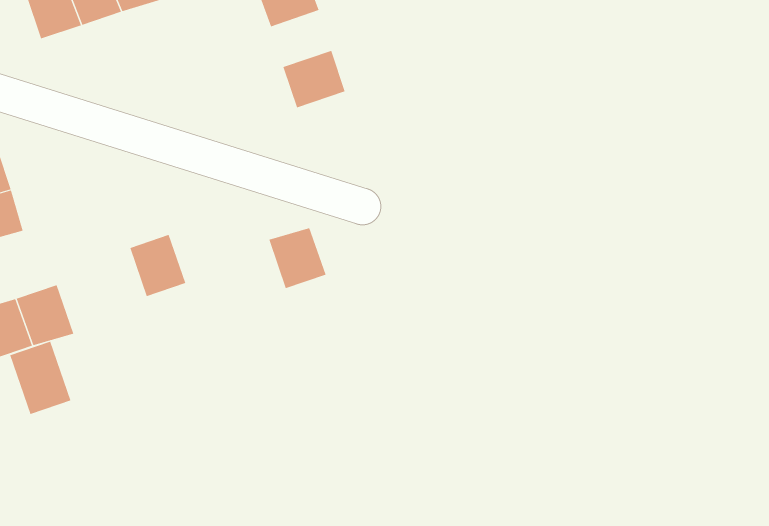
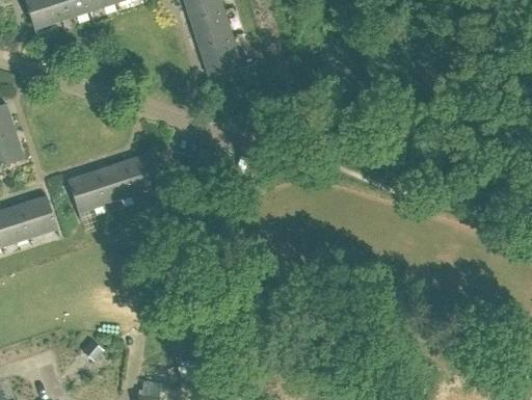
building: none -> [190,9,232,48]
building: [268,227,327,289] -> [122,153,161,194]
building: none -> [68,170,106,212]
building: [9,341,71,415] -> none

